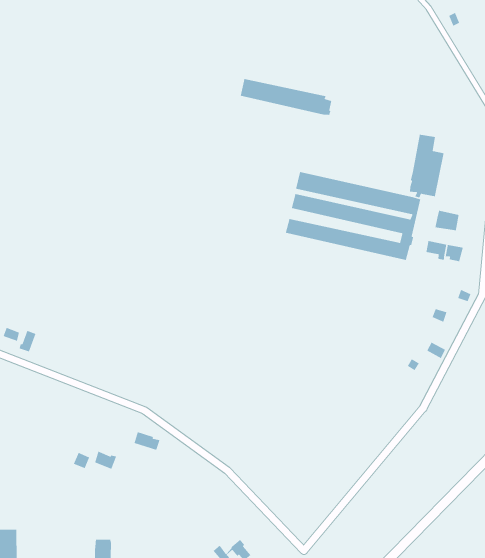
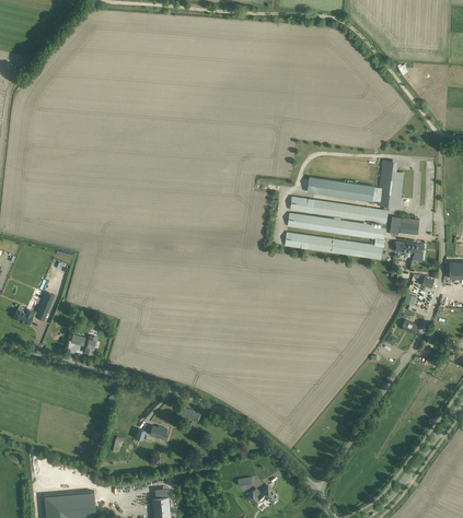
building: [240,78,332,116] -> [306,177,379,201]

